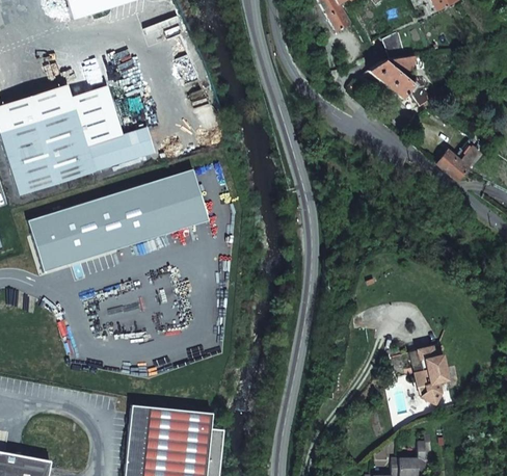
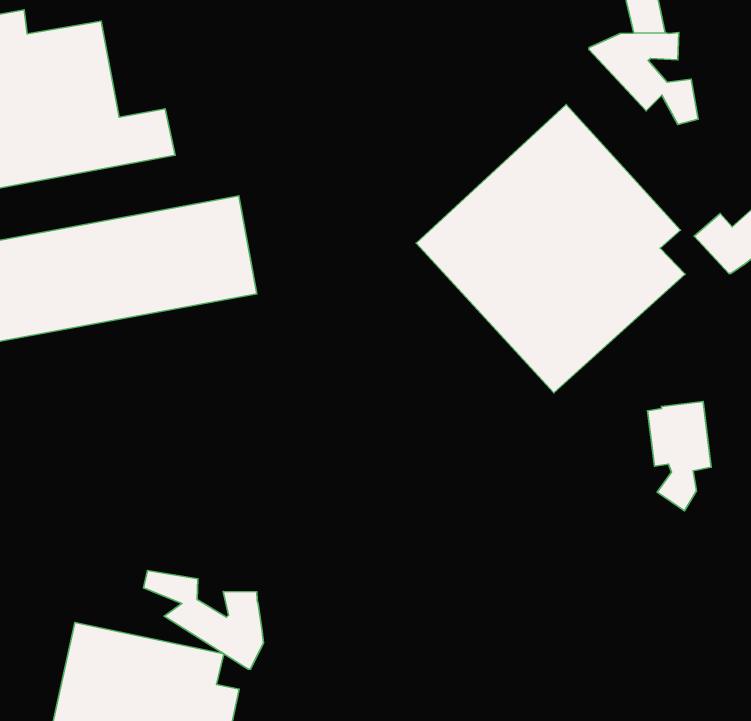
building: none -> [416,105,685,393]
building: [408,347,446,406] -> [647,402,711,511]
building: none -> [143,571,264,669]

